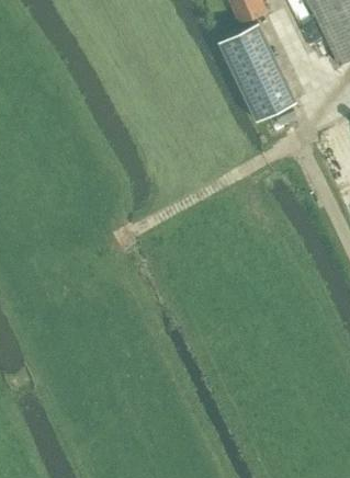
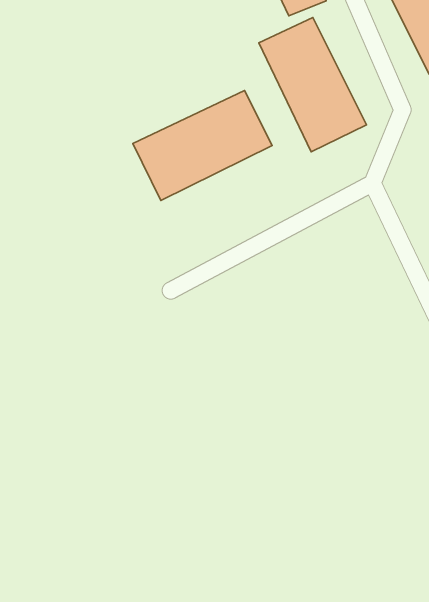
building: none -> [133,91,272,200]

